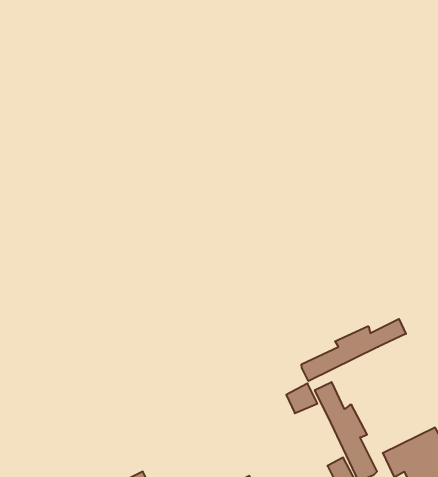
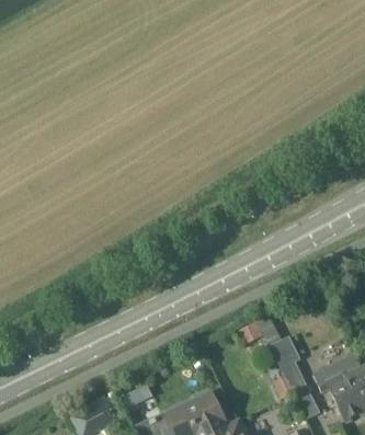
building: [302,319,406,381] -> none

